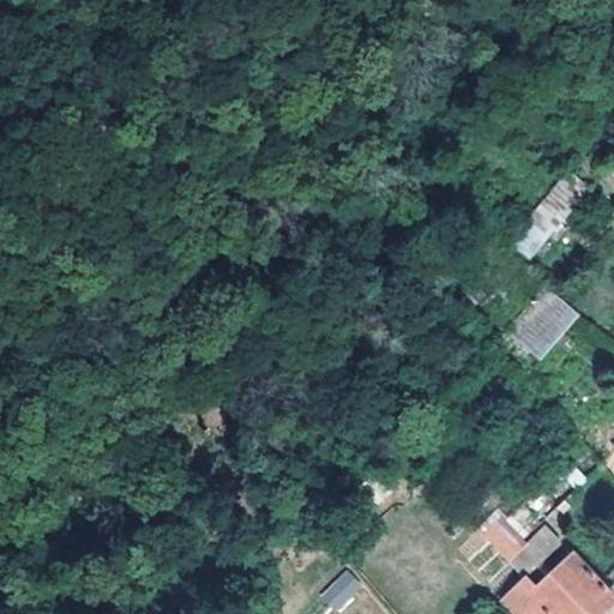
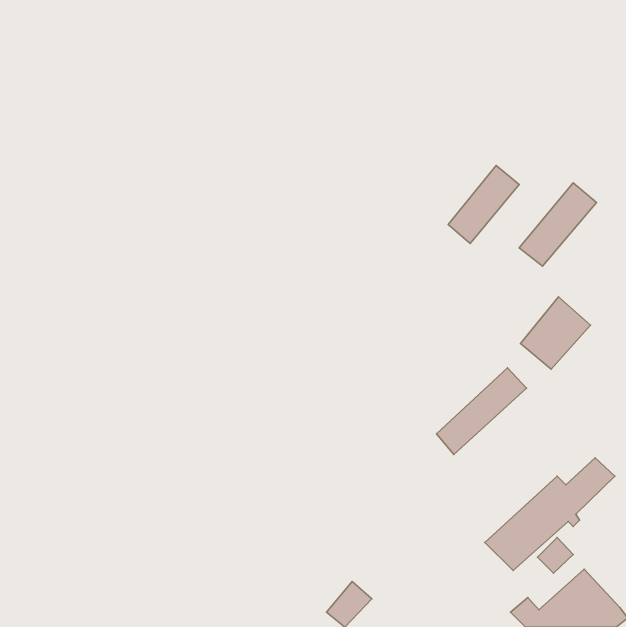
building: none -> [448,166,519,244]
building: none -> [436,368,526,454]

